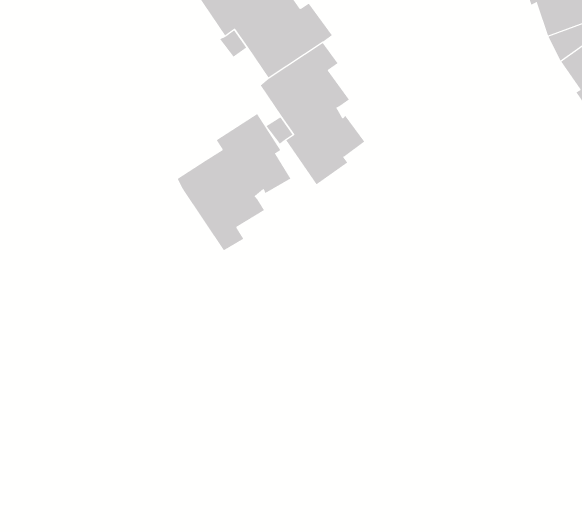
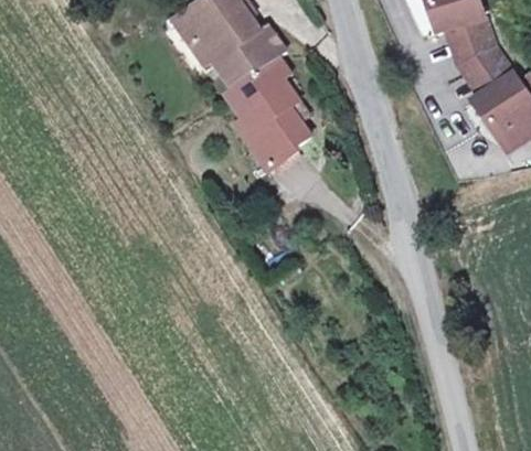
building: [177,113,291,251] -> none

